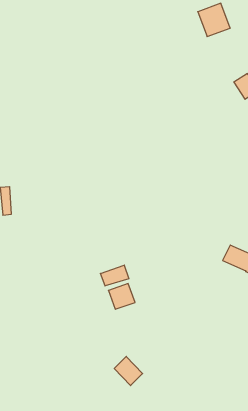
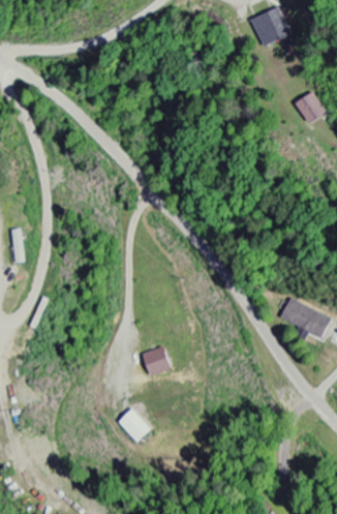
building: [100,265,129,286] -> none
building: [114,356,143,386] -> [119,409,153,444]

